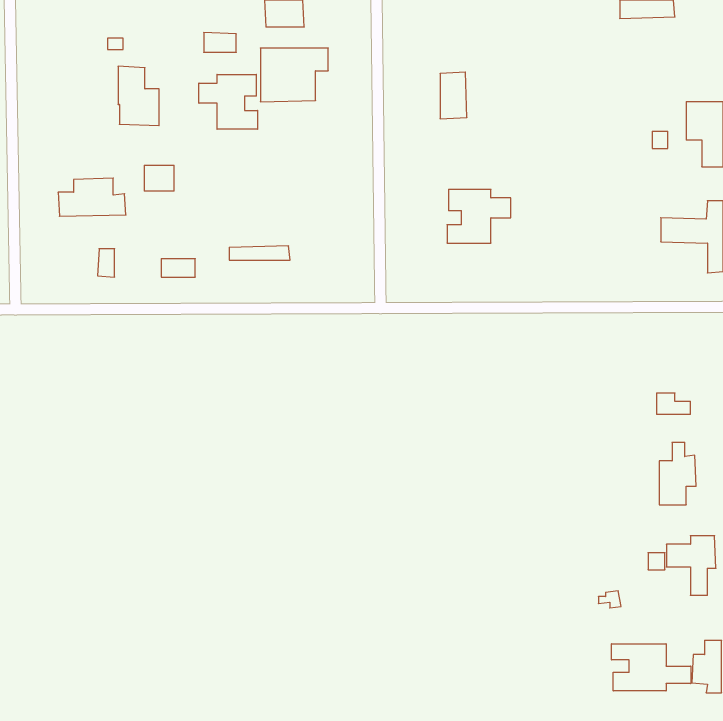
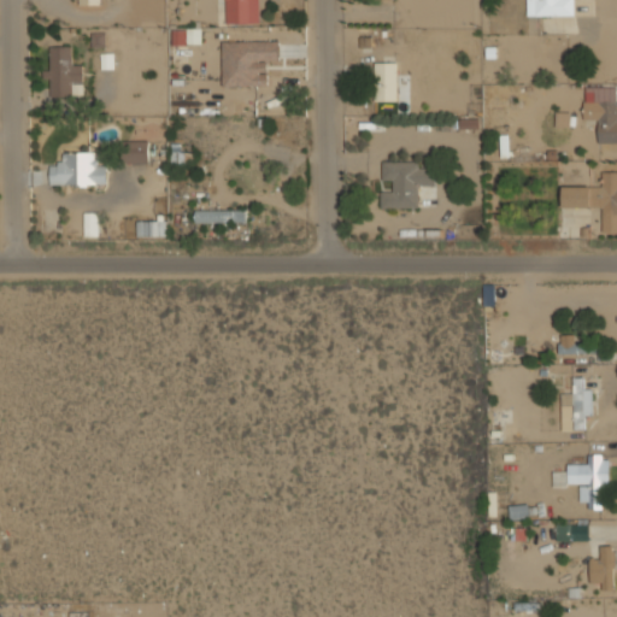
building: [118,66,159,126] -> [48,47,83,98]
building: [199,74,258,129] -> none
building: [612,644,691,691] -> none

